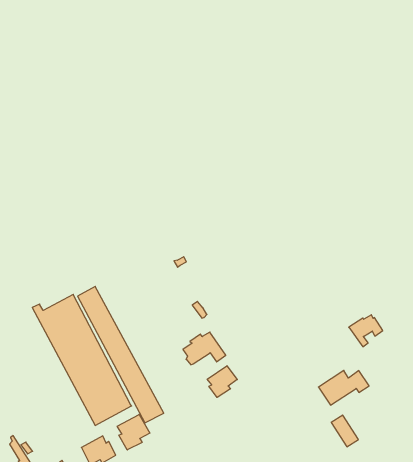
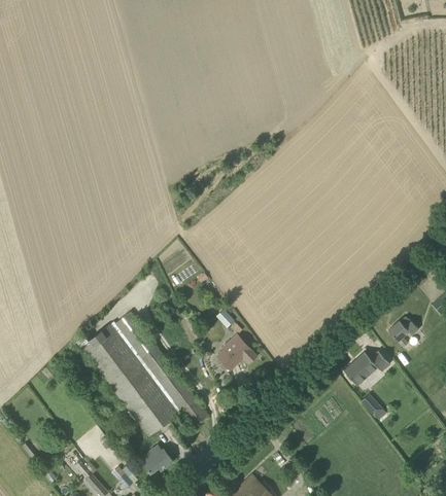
building: [349,315,383,347] -> [388,316,419,346]
building: [207,366,237,397] -> none
building: [117,414,150,450] -> none

